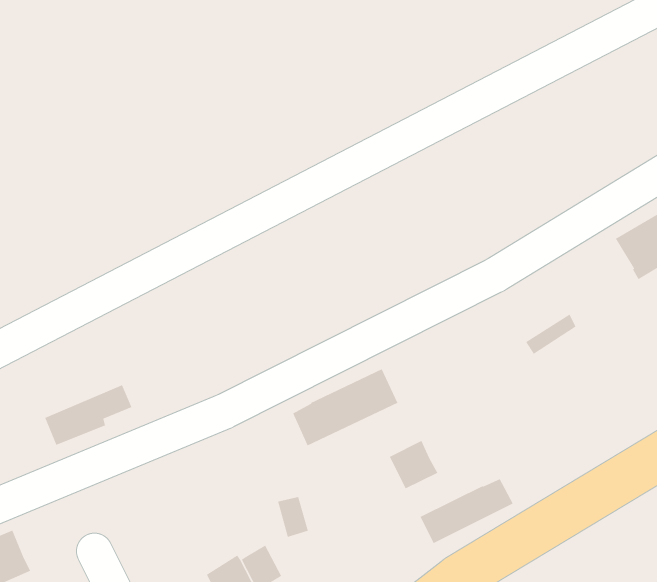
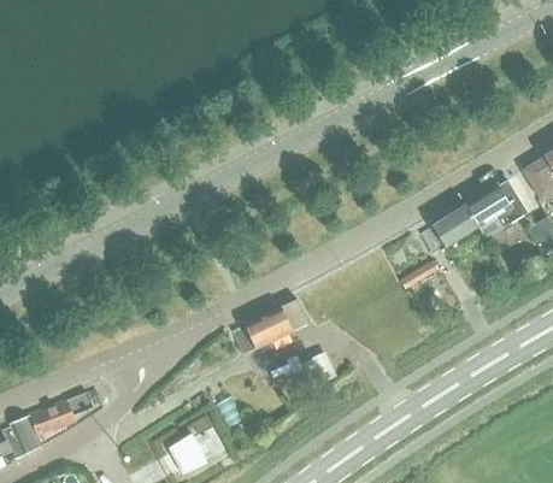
building: none -> [419,204,482,253]
building: [44,384,132,446] -> [29,390,93,435]
building: [420,478,514,544] -> none

